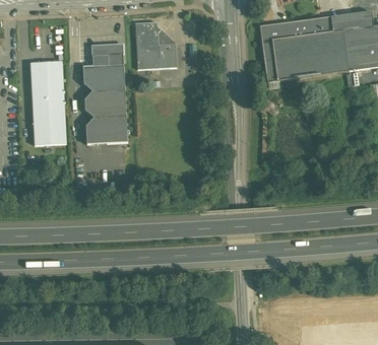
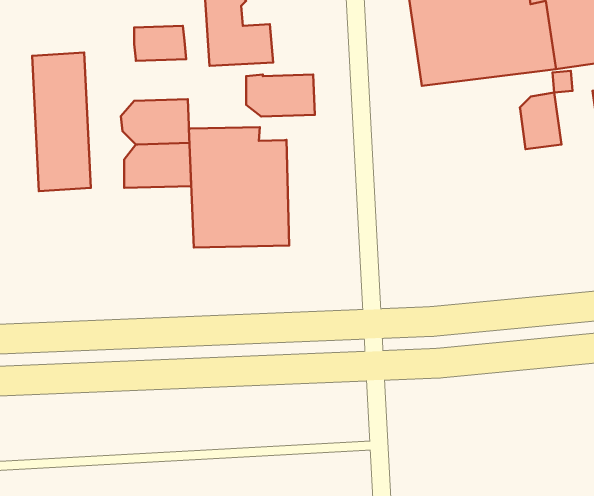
building: [83,65,125,90] -> [246,75,315,116]
building: none -> [520,93,561,149]
building: none -> [189,127,289,248]

